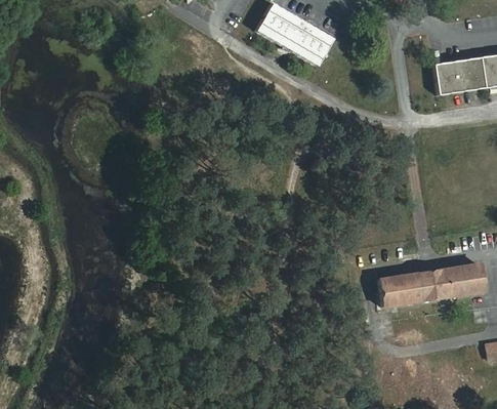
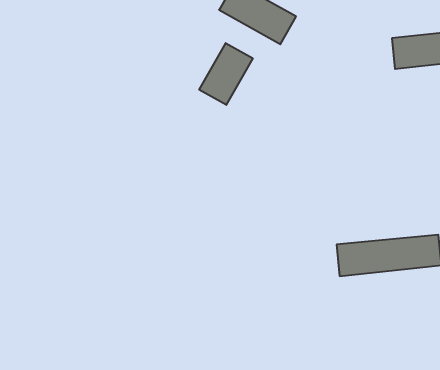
building: none -> [199,43,253,105]

